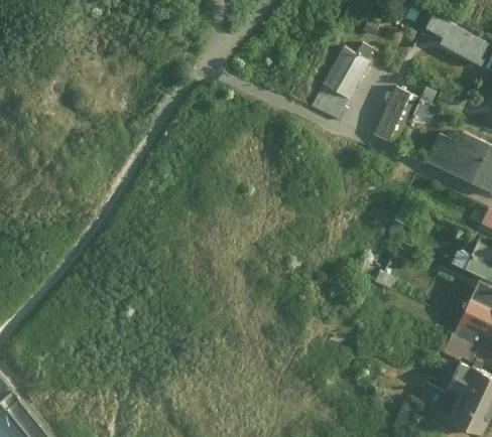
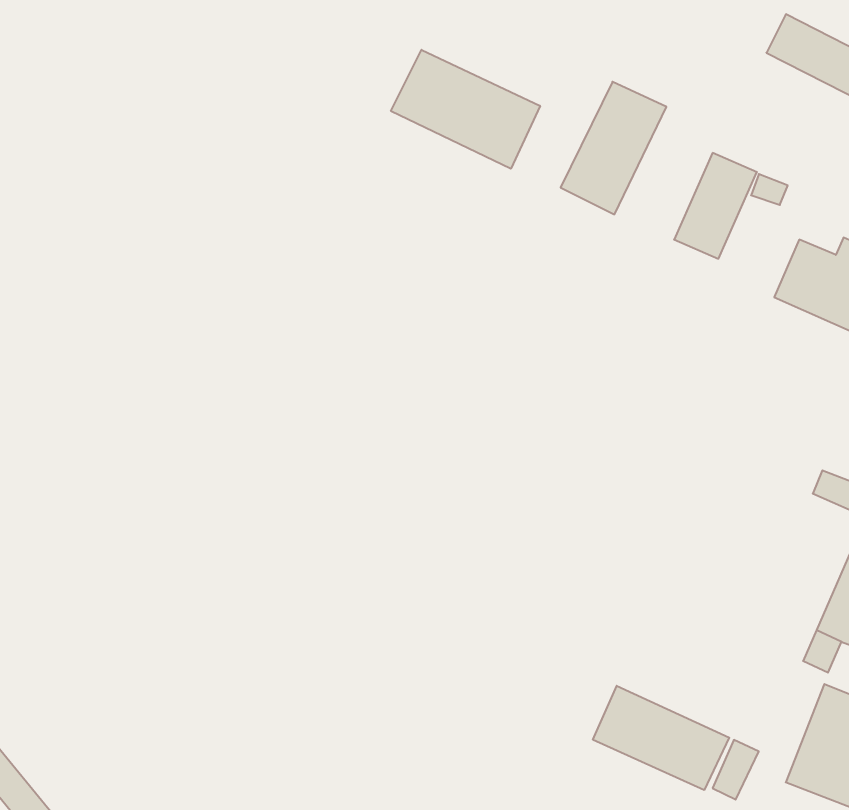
building: none -> [391,50,540,169]
building: none -> [593,686,729,790]

